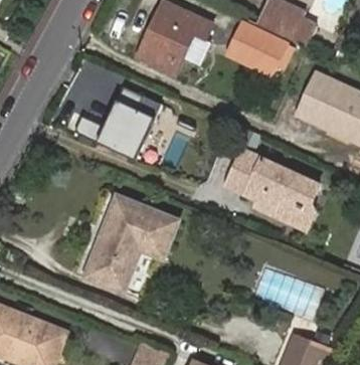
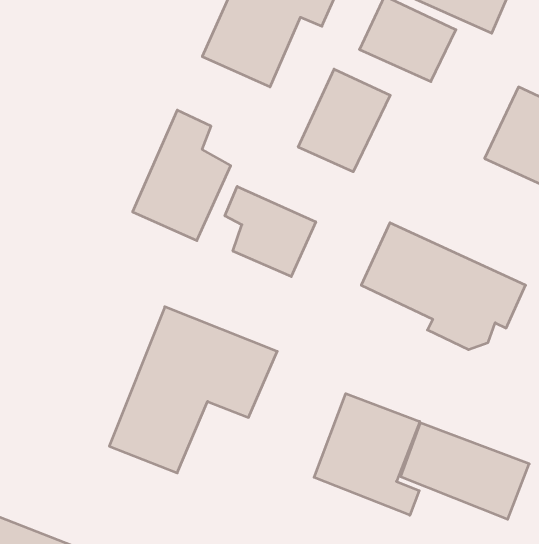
building: none -> [298,69,390,172]
building: none -> [225,186,316,277]
building: none -> [314,394,420,515]

